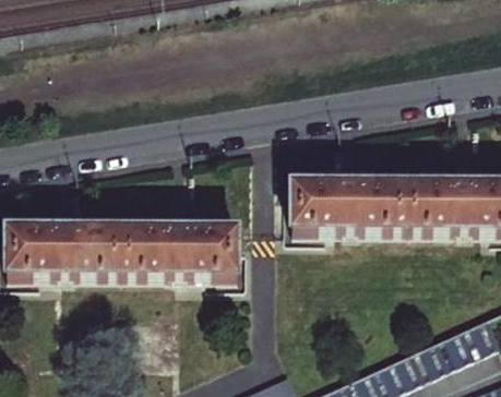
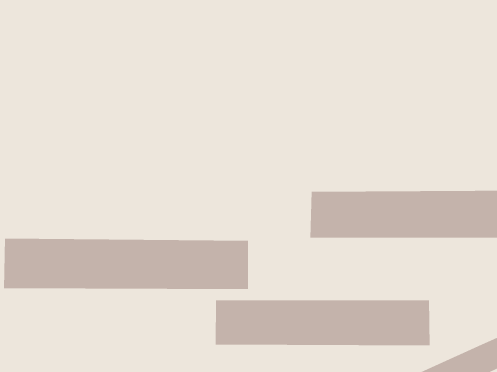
building: none -> [215,299,430,346]

